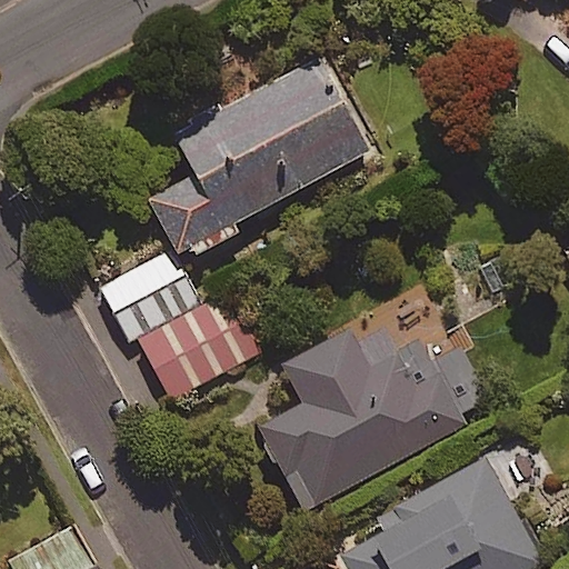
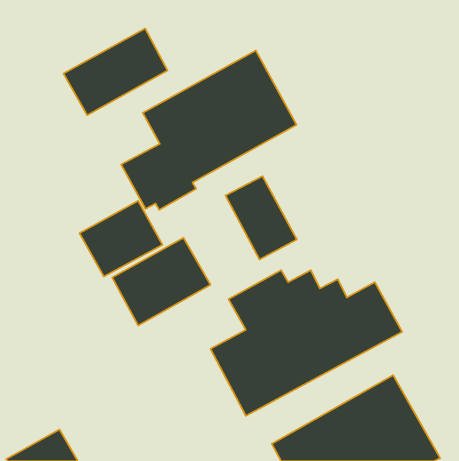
building: none -> [63,28,168,115]
building: none -> [225,176,297,259]

